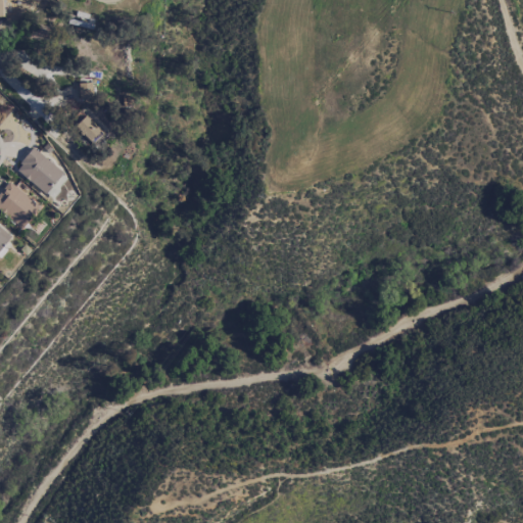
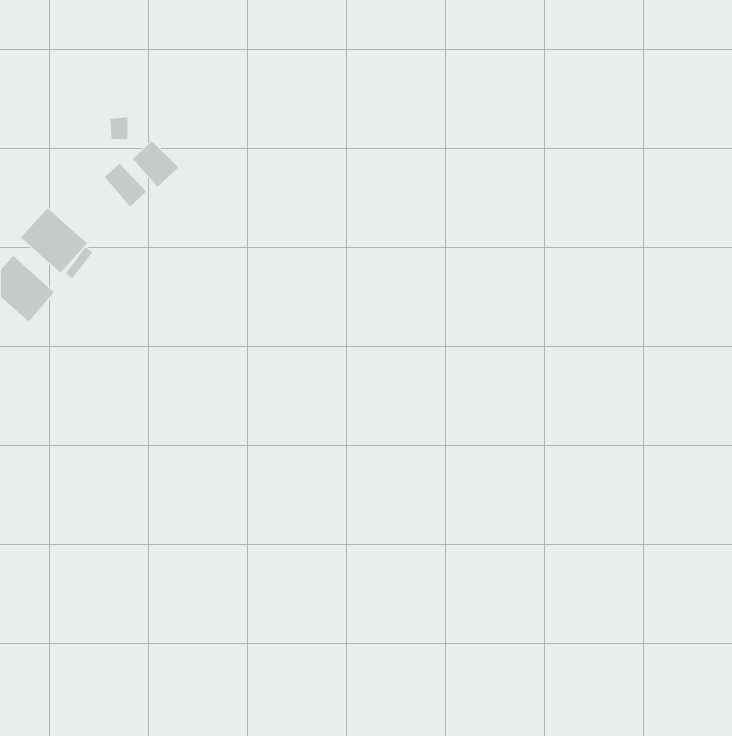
building: none -> [132,140,179,187]

